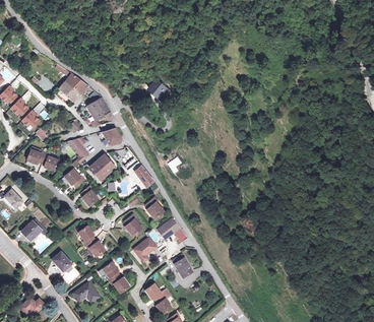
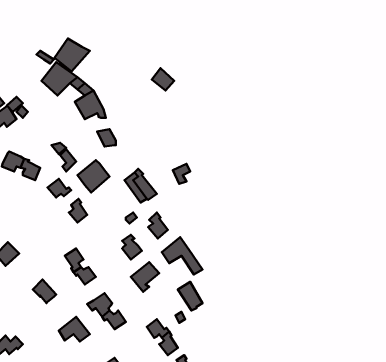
building: none -> [54,38,90,71]

